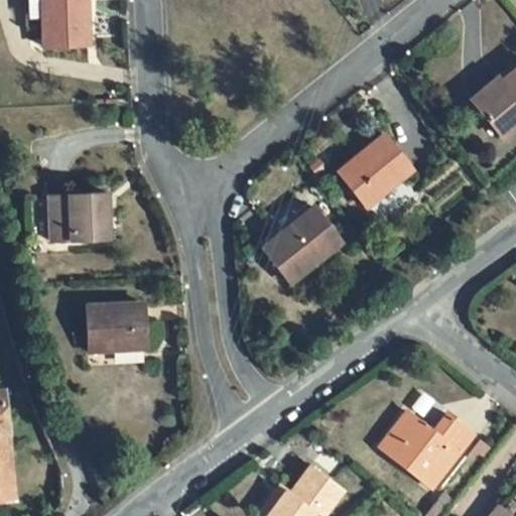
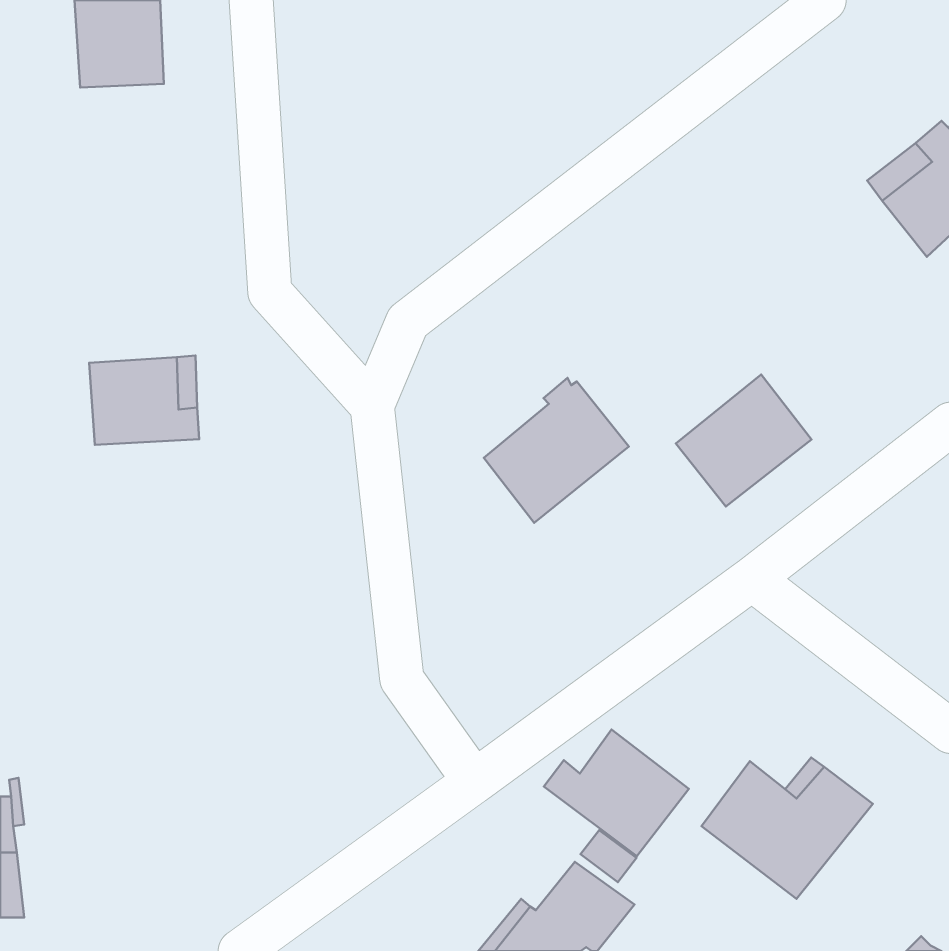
building: [339,134,412,206] -> [676,375,812,507]
building: [87,303,147,351] -> none
building: none -> [544,729,689,856]

